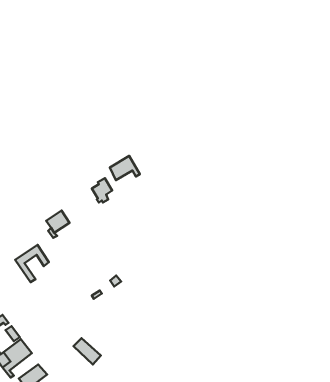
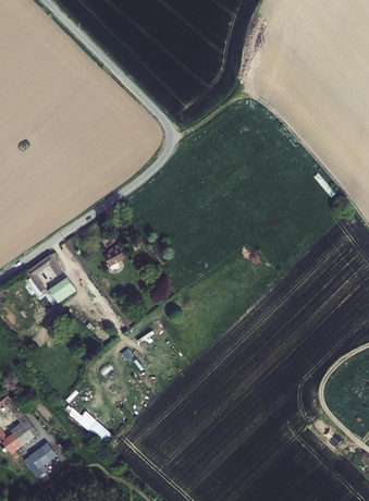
building: [110,156,140,180] -> none
building: [15,245,49,282] -> [28,253,64,293]

